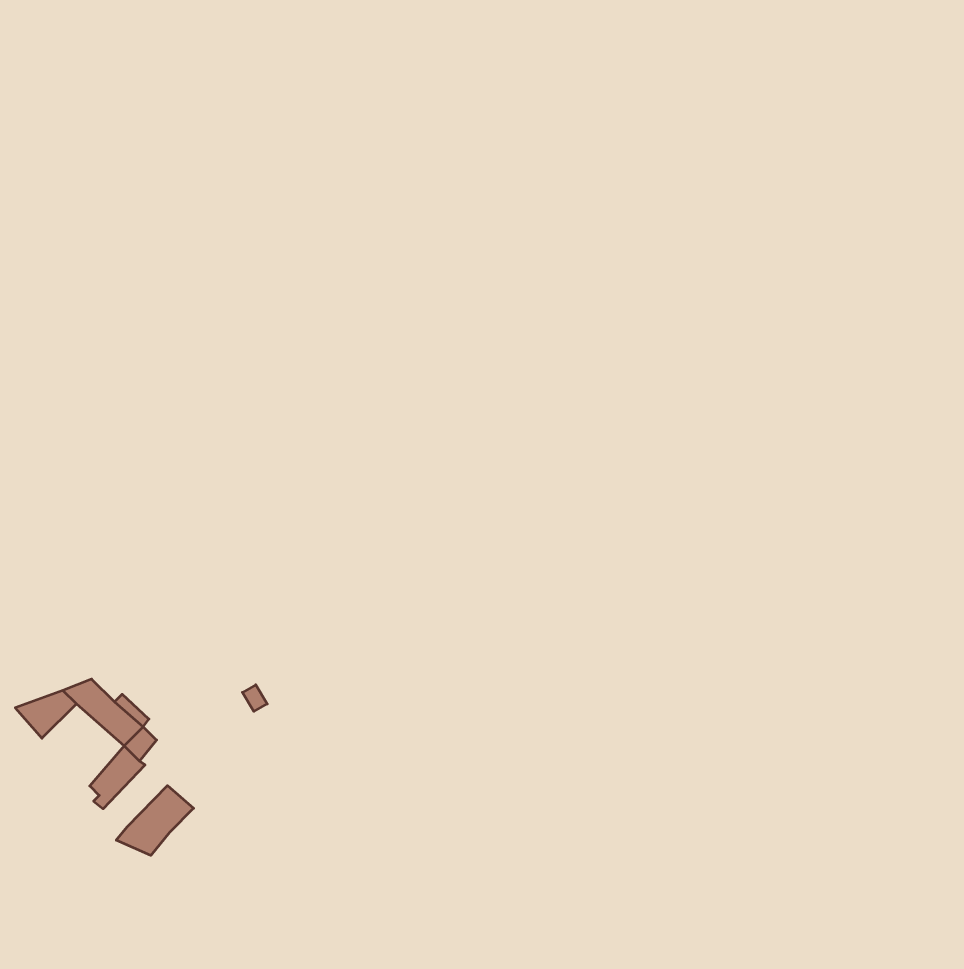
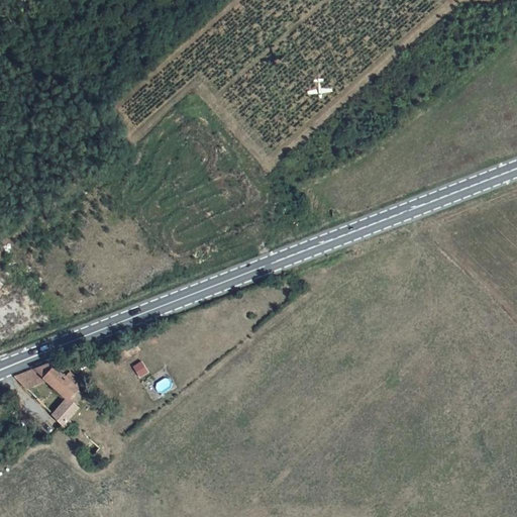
building: [116,786,194,855] -> none

